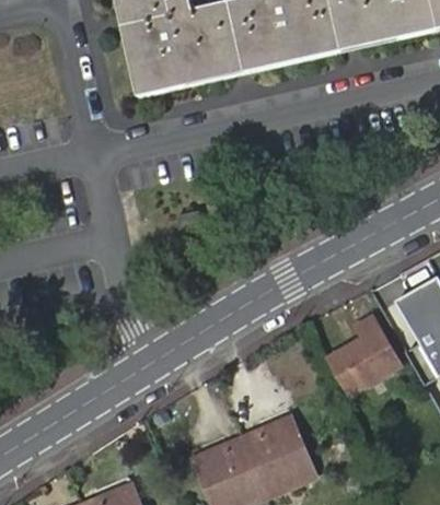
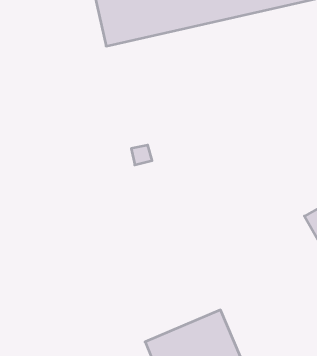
building: [329,291,405,391] -> none

